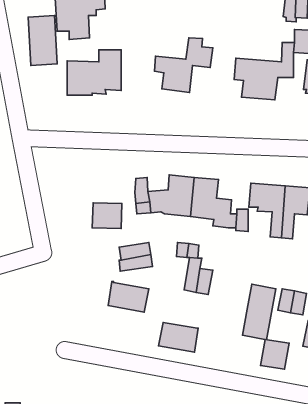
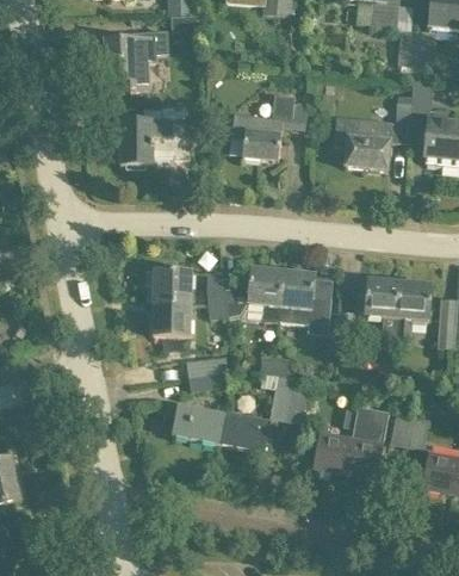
building: [28,16,57,66] -> none
building: none -> [153,271,191,304]
building: [158,323,198,352] -> [218,414,269,452]
building: [260,340,289,369] -> [314,435,351,473]

